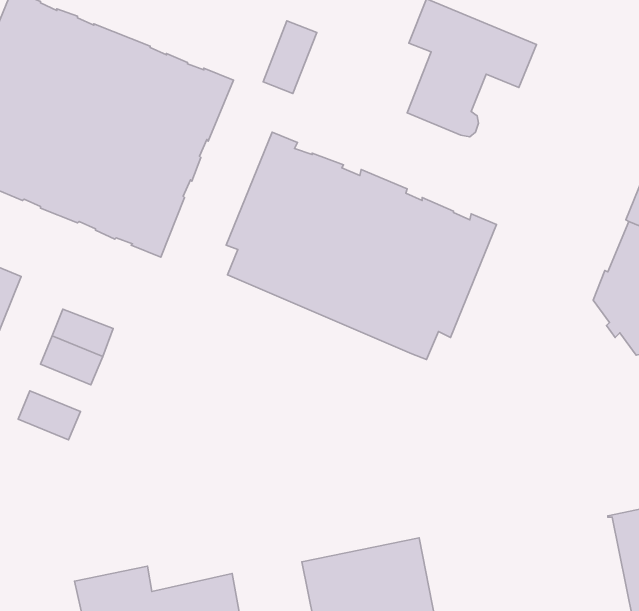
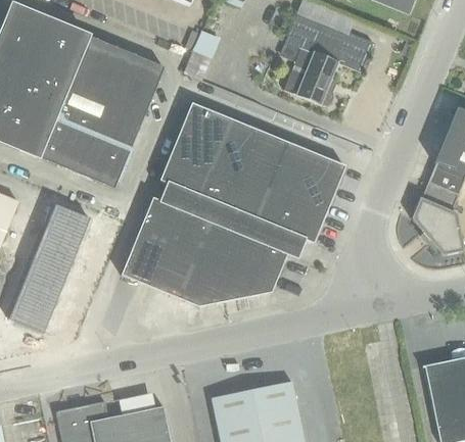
building: none -> [122,197,287,306]
building: none -> [47,203,90,237]
building: none -> [25,261,66,294]
building: none -> [9,299,51,333]

